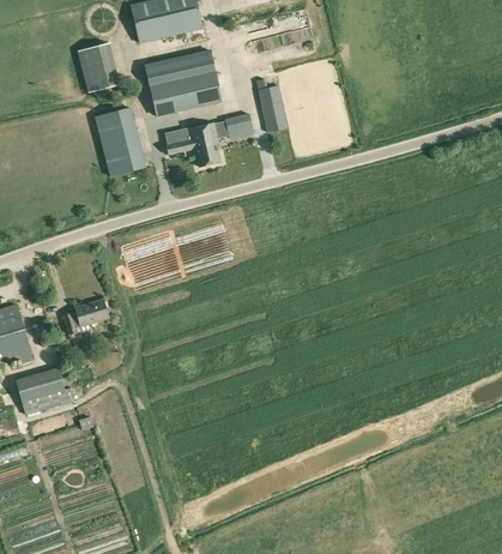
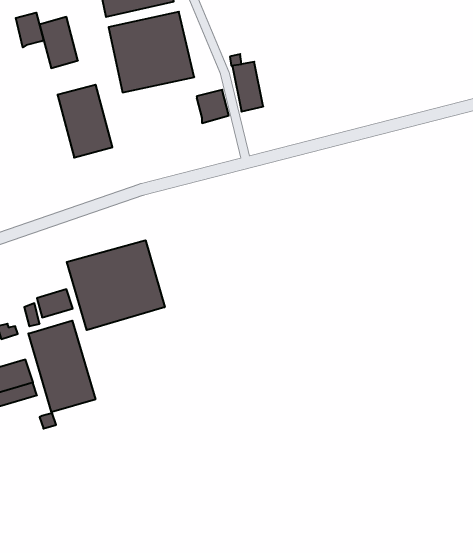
building: none -> [16,13,44,47]
building: [165,121,219,165] -> none
building: none -> [67,240,165,330]
building: none -> [28,321,95,412]

